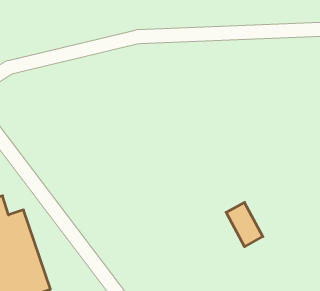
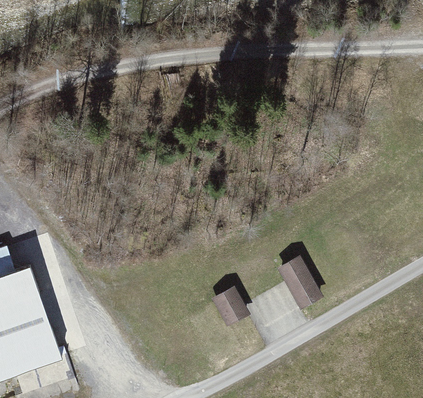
building: none -> [208,288,248,329]

